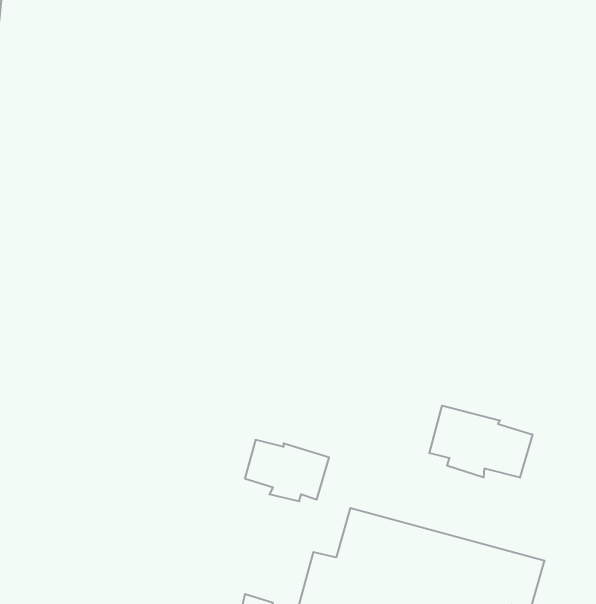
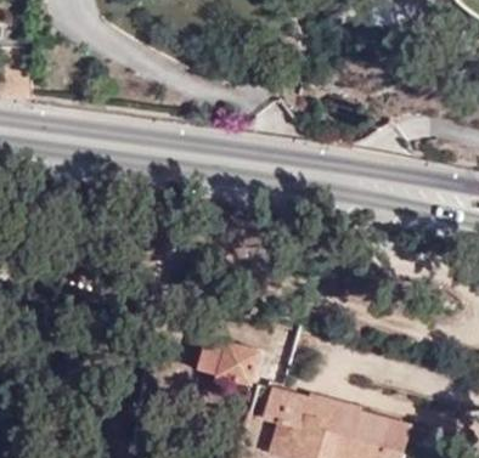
building: [429,406,532,478] -> none

